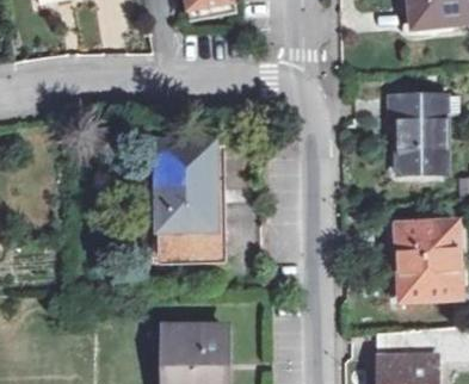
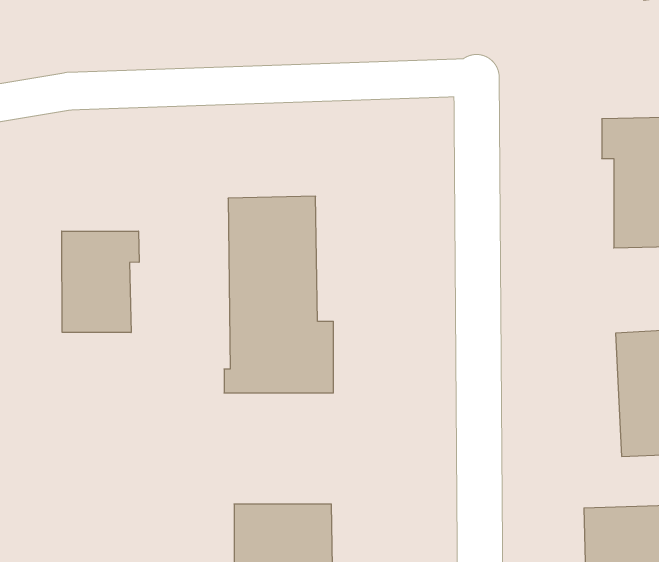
building: none -> [62,231,139,333]

